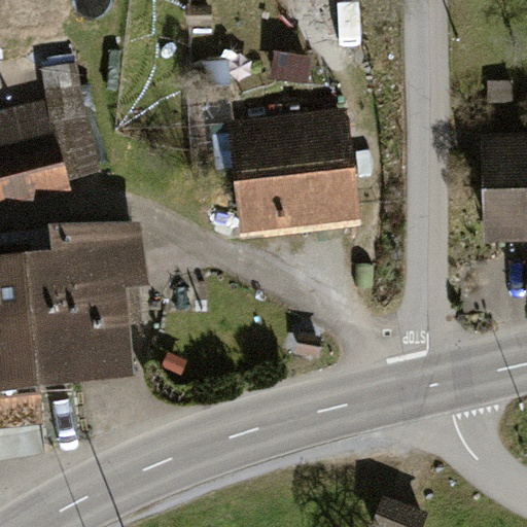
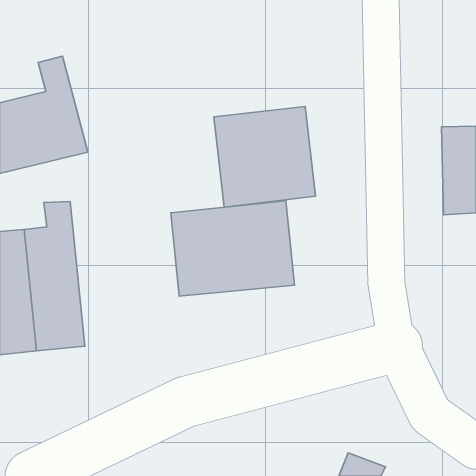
building: [77,221,150,382] -> none
building: none -> [171,201,295,296]

